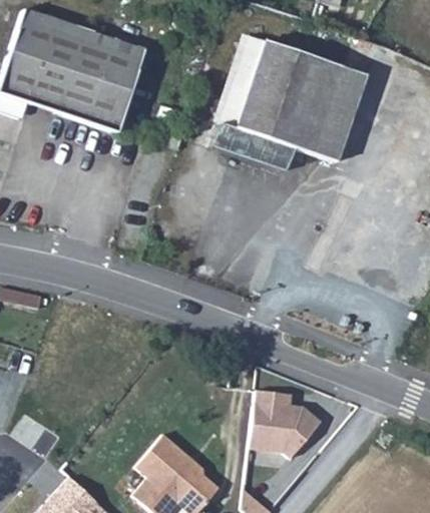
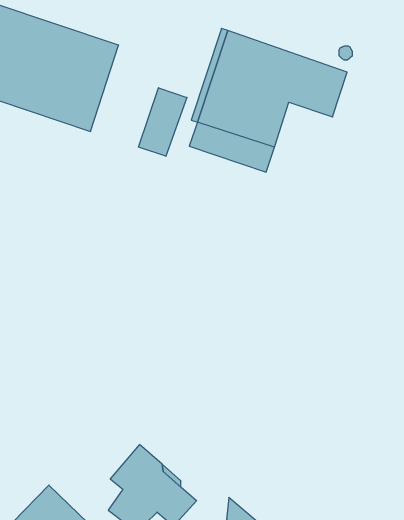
building: none -> [138,88,187,156]
building: [295,104,351,162] -> none
building: [259,386,330,457] -> none

